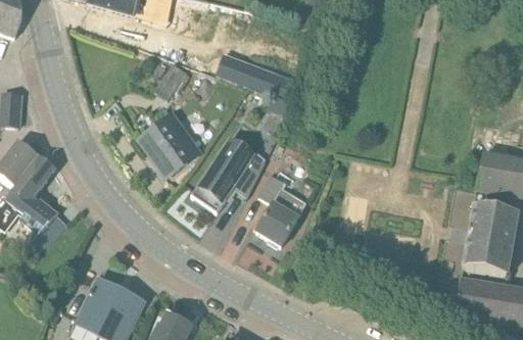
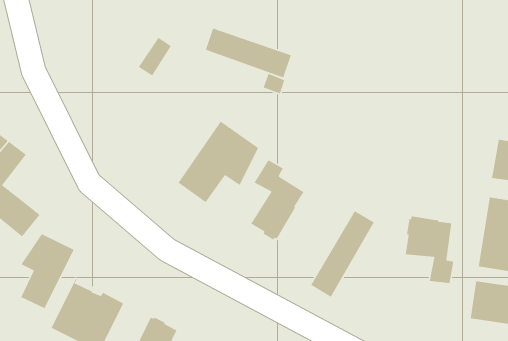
building: [144,118,195,176] -> none
building: none -> [310,210,375,298]
building: none -> [405,215,454,284]
building: none -> [20,233,75,309]

